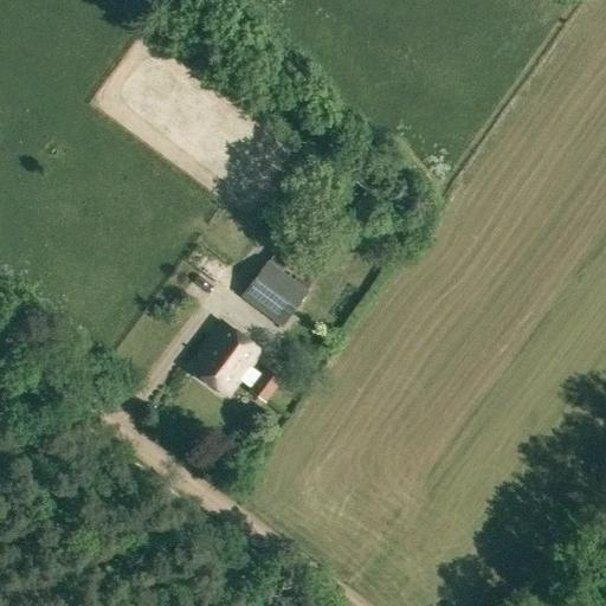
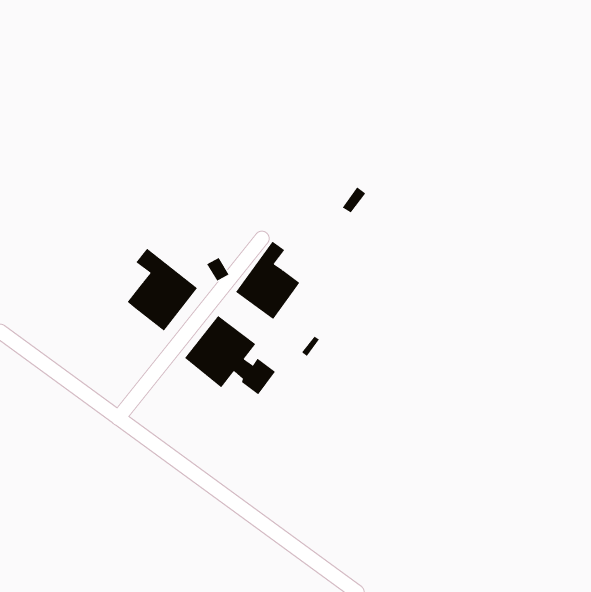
building: none -> [127,248,198,331]

